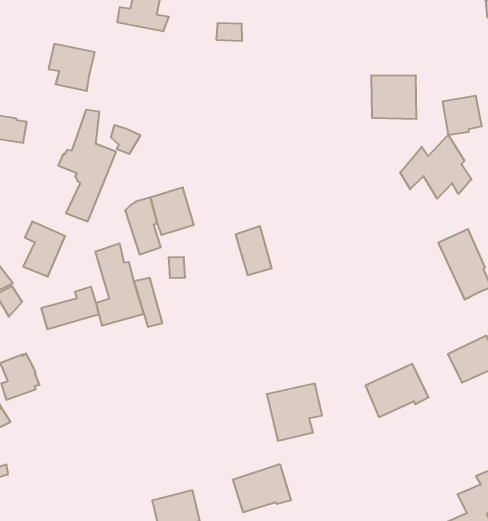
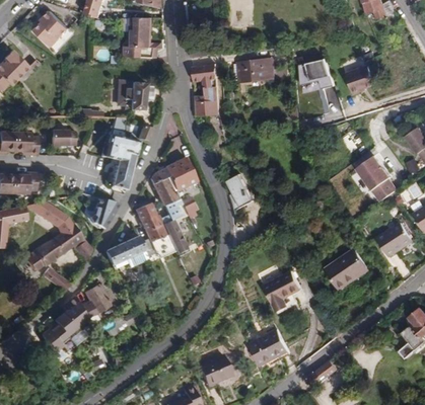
building: [49,44,95,91] -> [117,82,145,109]
building: none -> [191,64,218,115]
building: none -> [236,59,273,82]
building: [400,135,472,199] -> none

